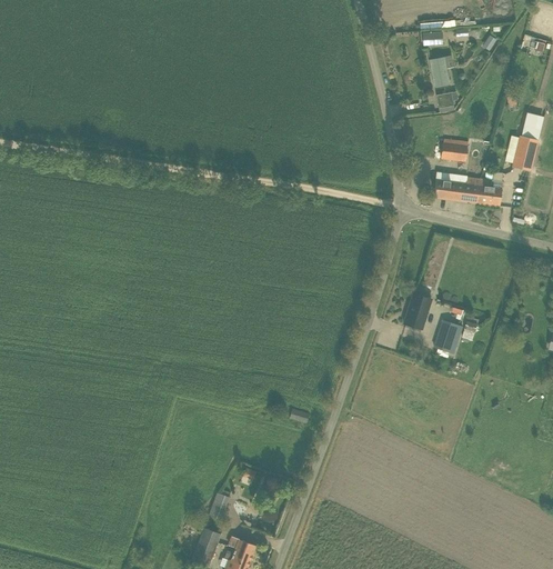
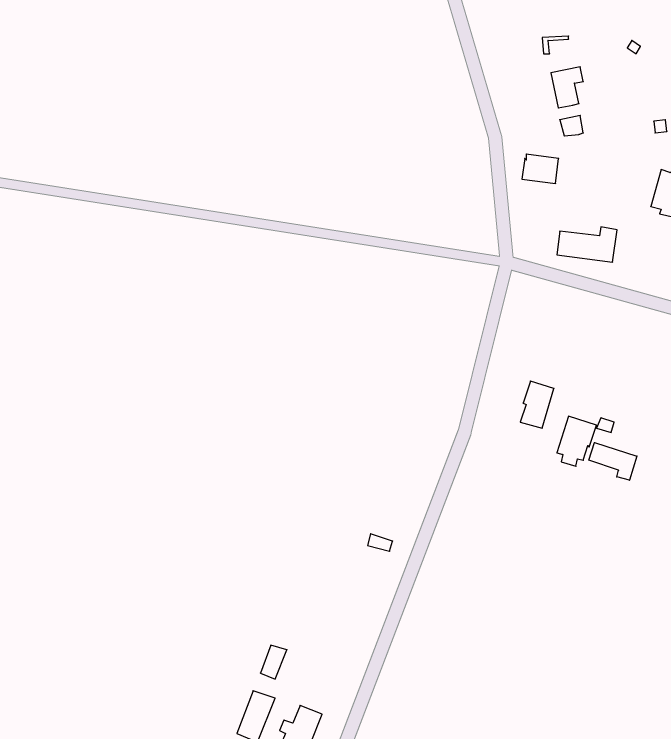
building: [440,138,467,160] -> [522,154,559,183]
building: [475,178,502,204] -> none
building: none -> [589,443,637,480]

